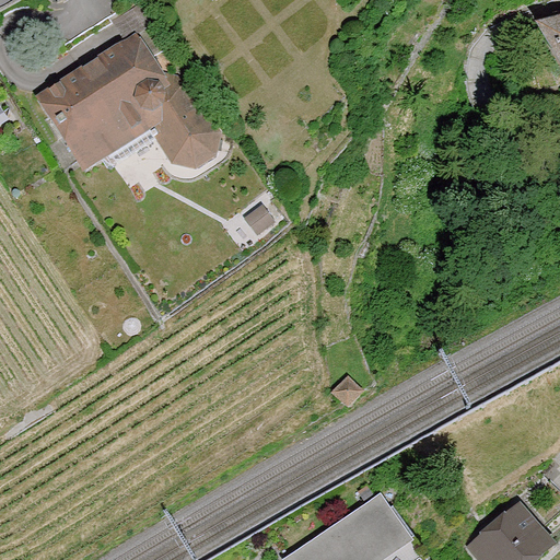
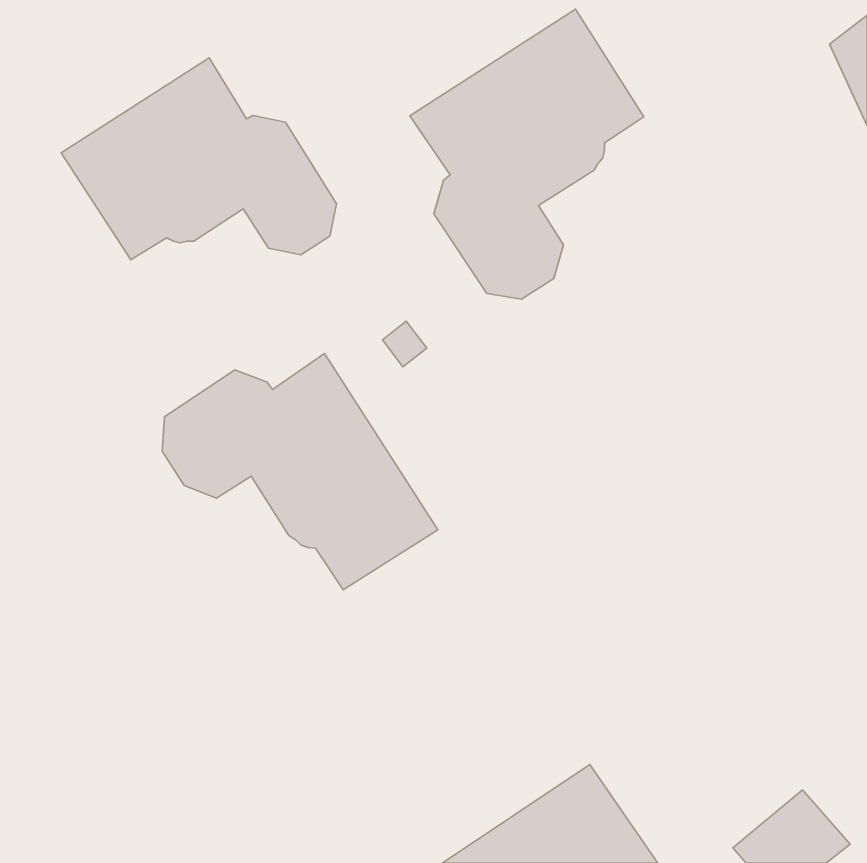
building: none -> [410,9,644,299]
building: none -> [162,354,438,590]

